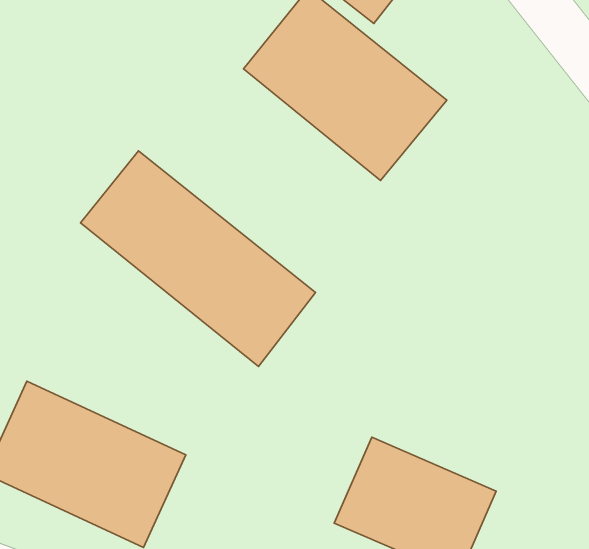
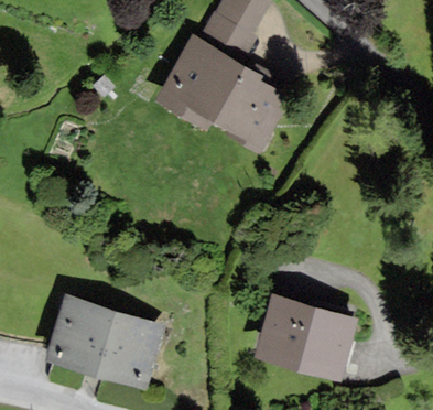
building: [80,151,315,366] -> none

